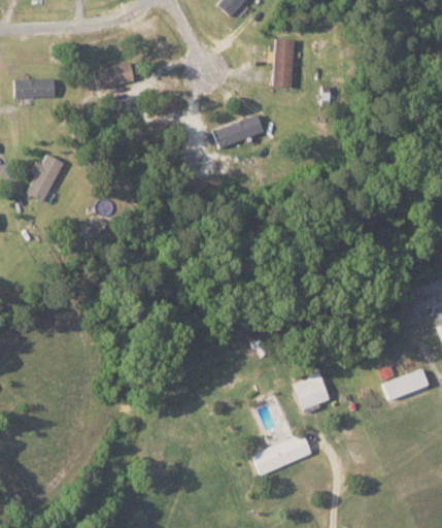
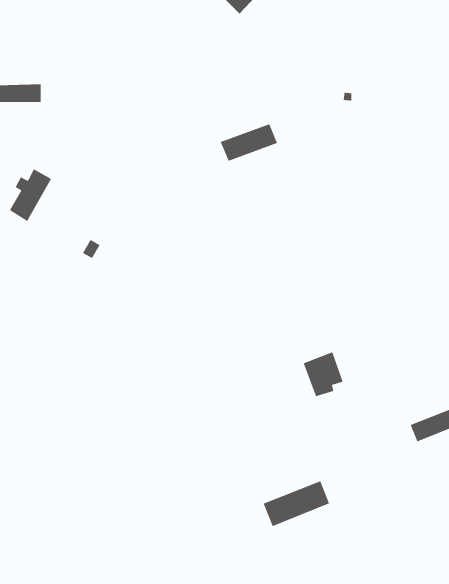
building: [273,38,295,87] -> none
building: [95,62,135,88] -> none
building: [293,372,329,412] -> [303,352,343,397]

